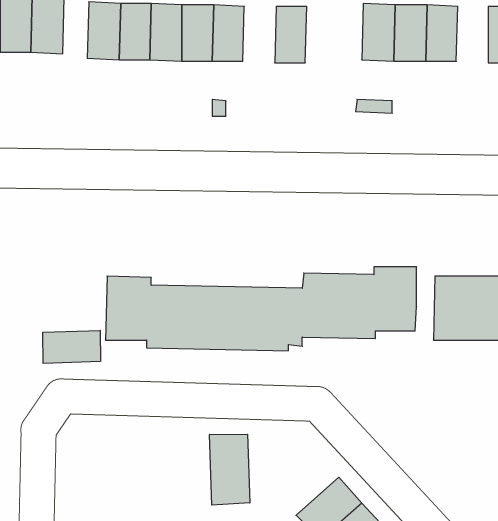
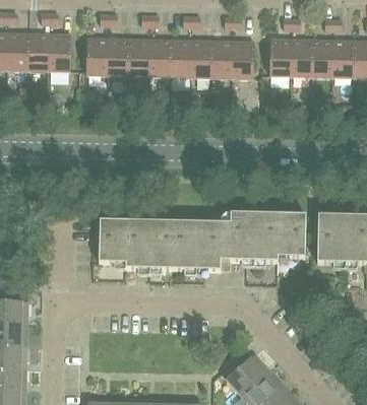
building: none -> [190,40,212,77]
building: none -> [232,40,254,78]
building: none -> [332,40,354,77]
building: [43,330,100,363] -> none
building: [210,434,250,505] -> none

